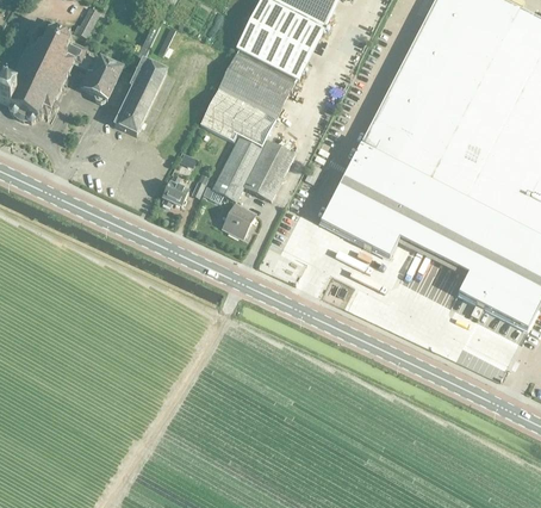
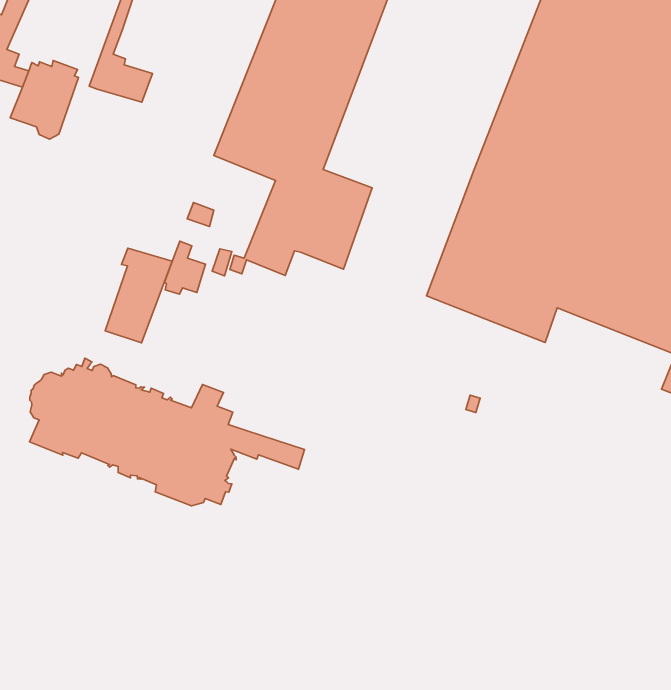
building: [114,75,160,134] -> [105,248,172,343]
building: [222,200,256,238] -> none
building: none -> [30,358,305,506]

